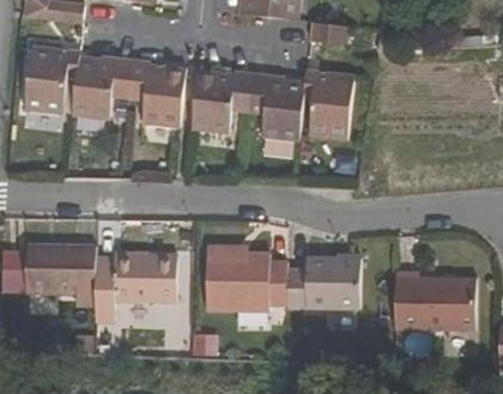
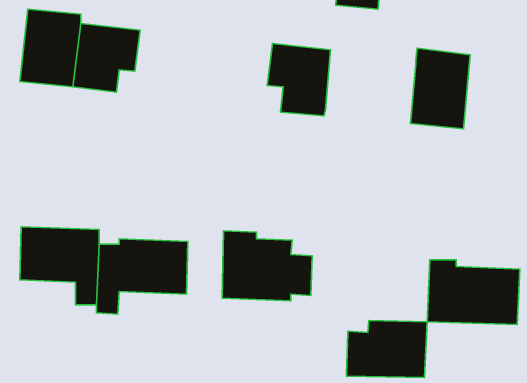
building: [127,63,186,128] -> none
building: [299,67,353,140] -> [411,48,470,129]
building: [190,69,252,134] -> none
building: [286,256,359,308] -> [347,321,427,377]

